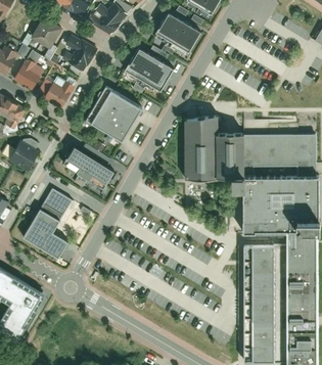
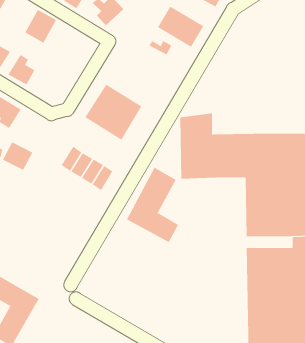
building: [61,36,97,71] -> none
building: [126,48,177,92] -> none
building: [41,82,72,105] -> none
building: [25,188,75,261] -> [126,167,179,243]

